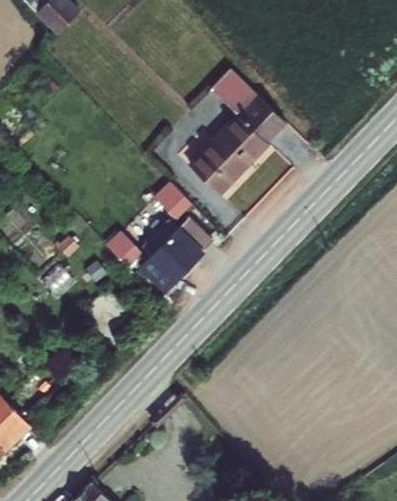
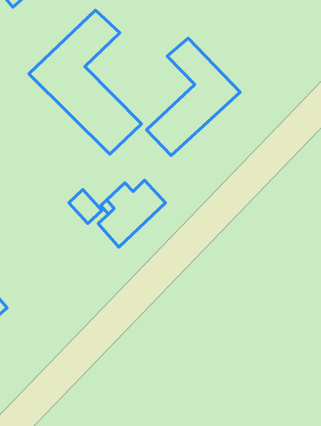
building: none -> [29,10,141,154]
building: [154,182,196,224] -> none

